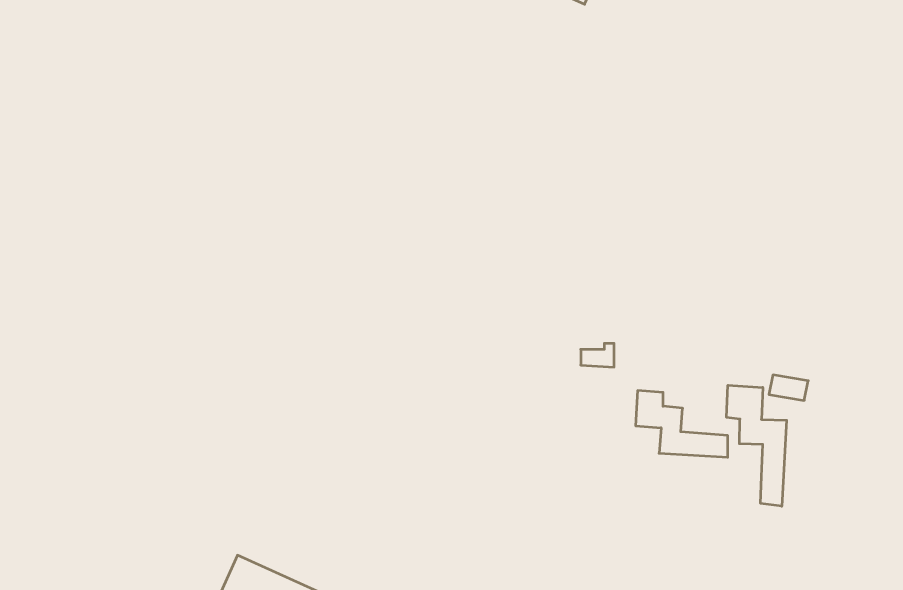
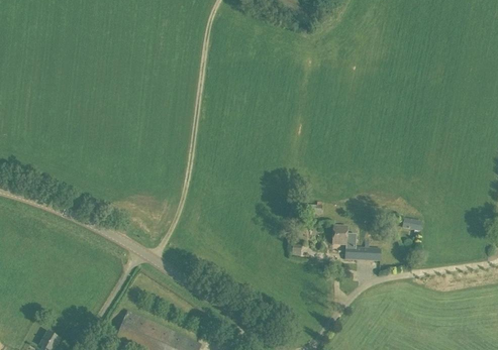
building: [727,385,787,506] -> none

